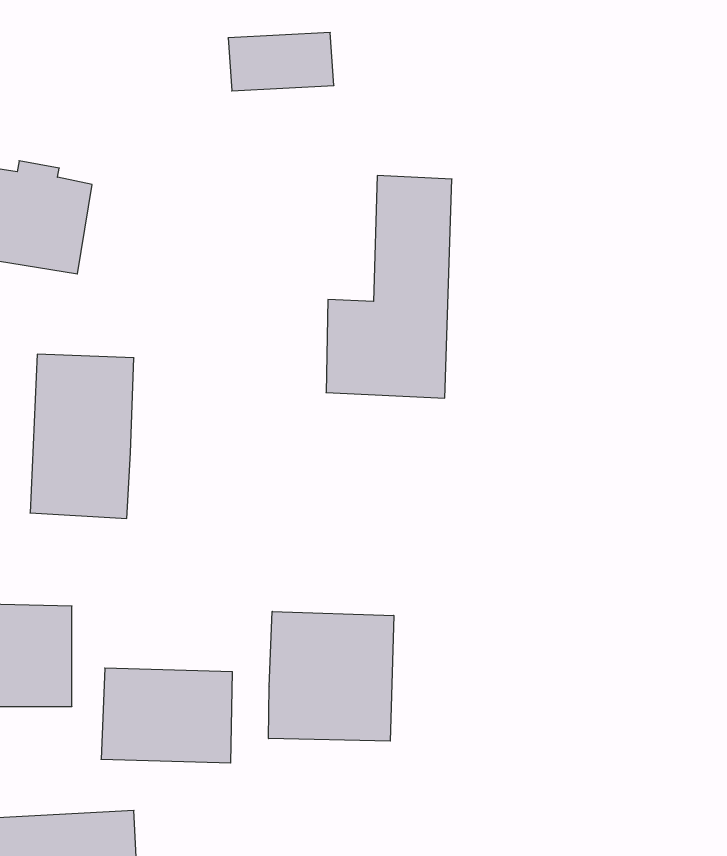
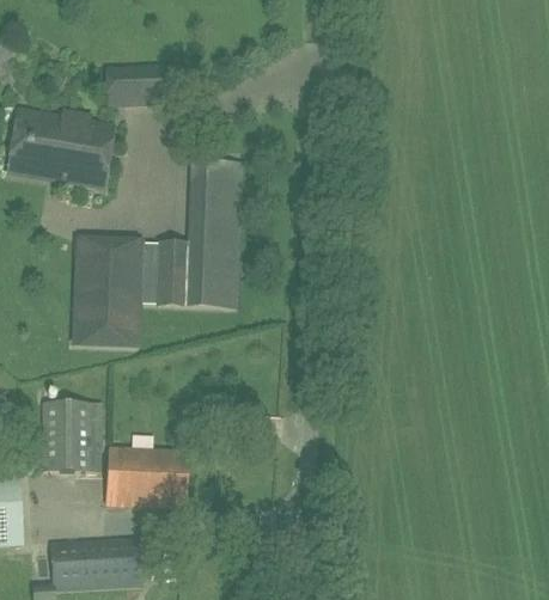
building: [228,33,334,91] -> [104,65,173,103]
building: [326,176,452,398] -> [155,160,238,306]
building: [269,611,394,741] -> none

